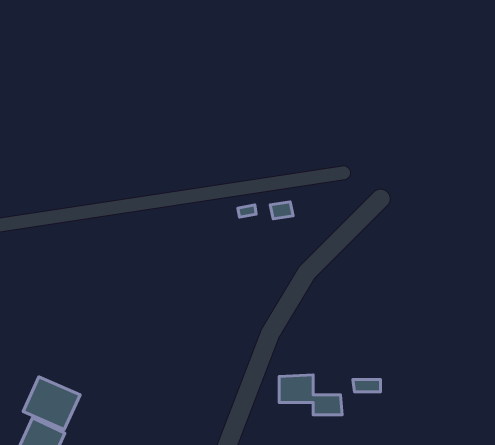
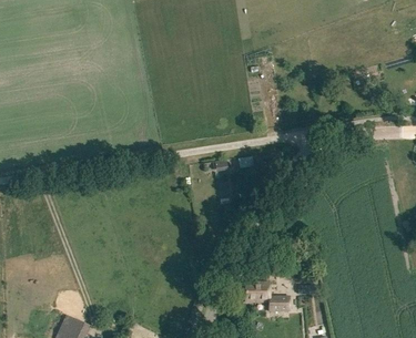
building: [23,377,80,430] -> none

